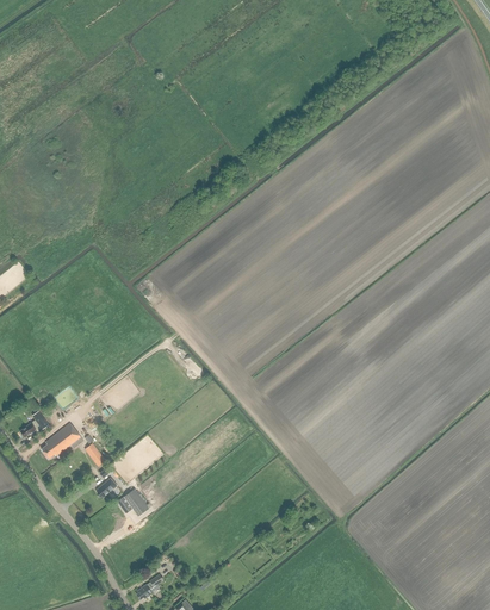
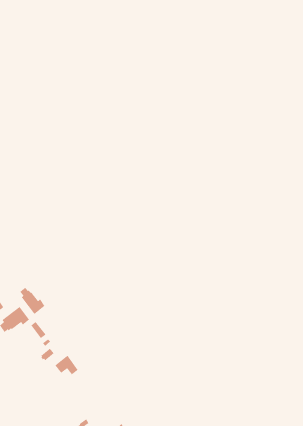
building: none -> [19,287,45,315]

